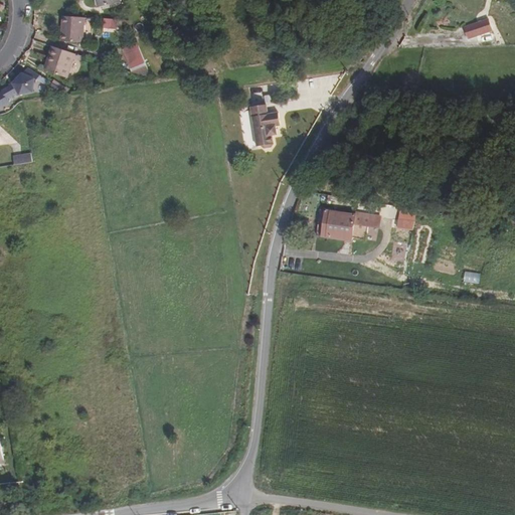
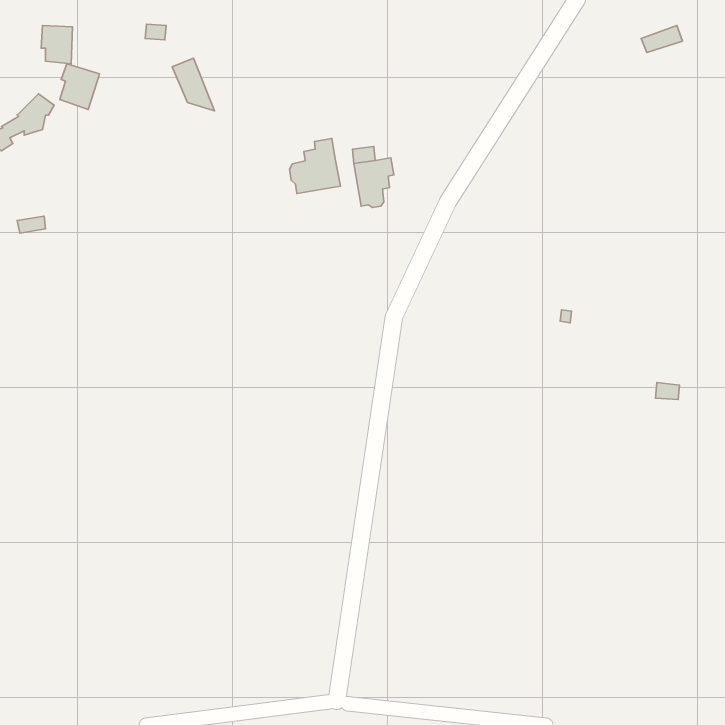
building: [61,15,83,42] -> [41,26,72,64]
building: none -> [289,139,340,194]
building: [322,209,380,240] -> none

